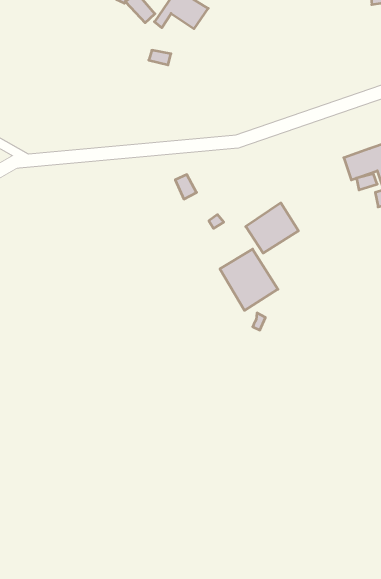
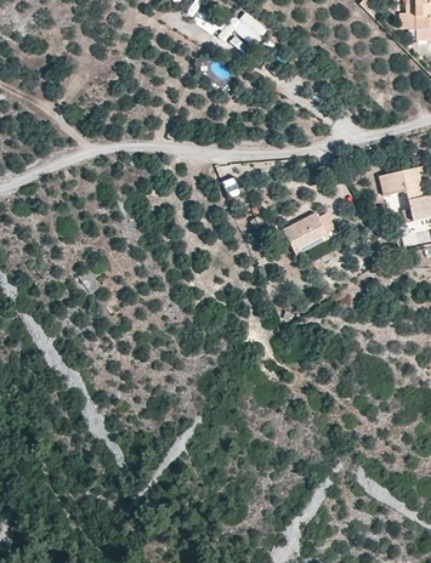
building: [220,249,278,310] -> none

